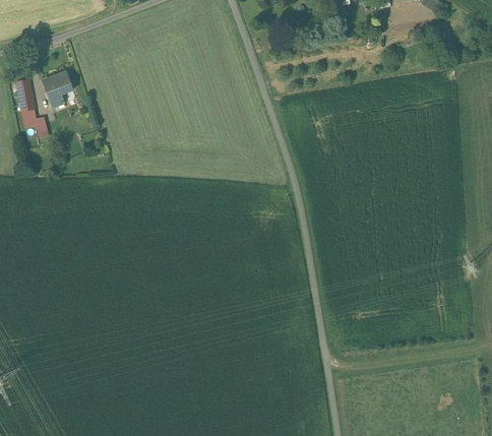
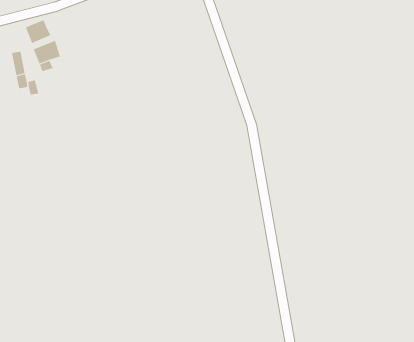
building: none -> [25,19,51,44]

